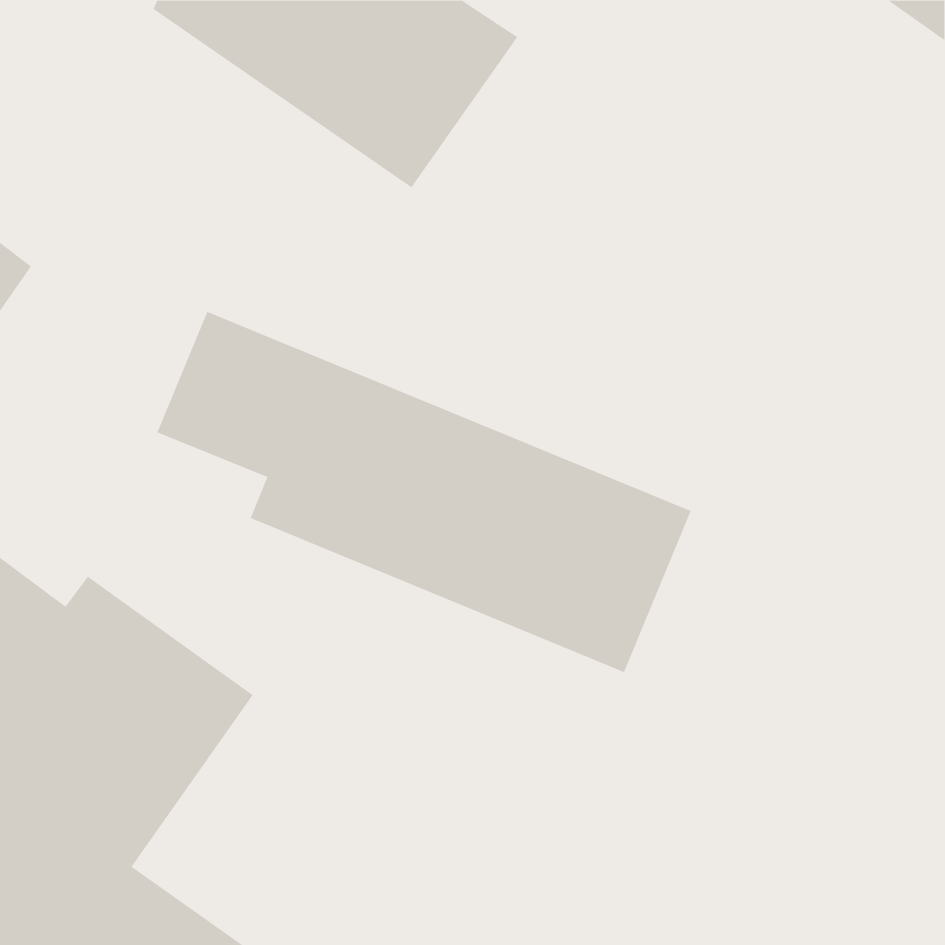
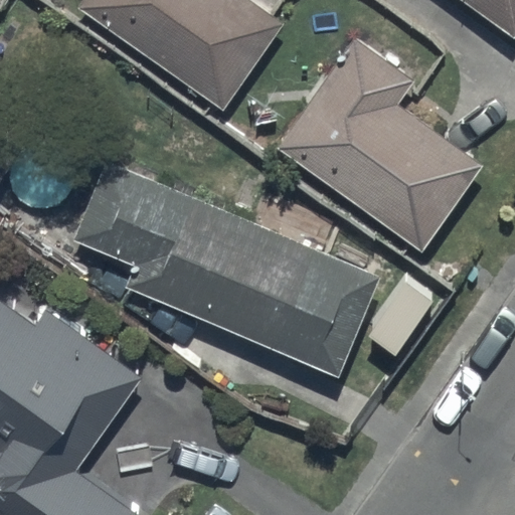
building: none -> [284,43,481,244]

